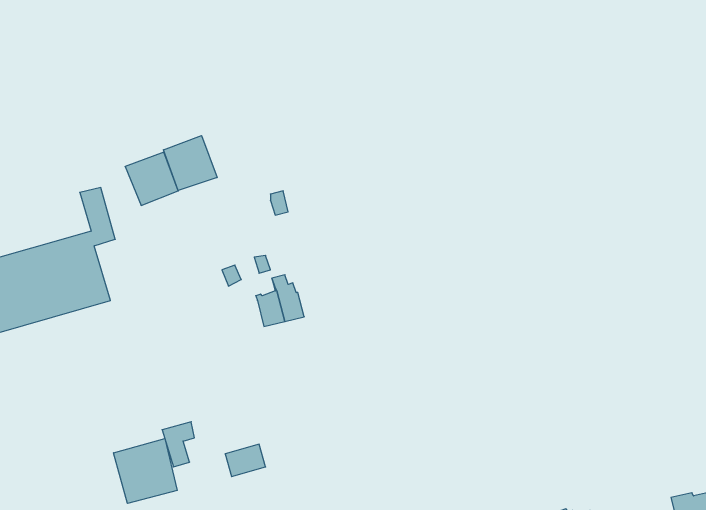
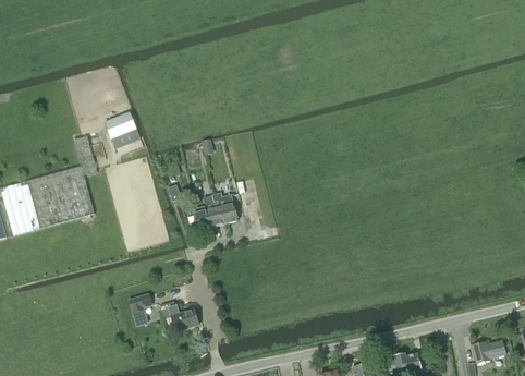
building: [163,136,217,191] -> none
building: none -> [211,193,237,223]
building: [114,439,177,503] -> none

